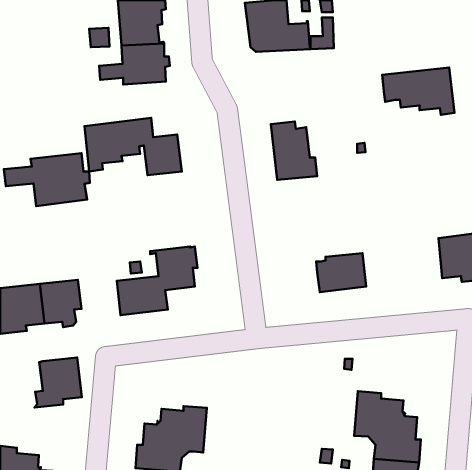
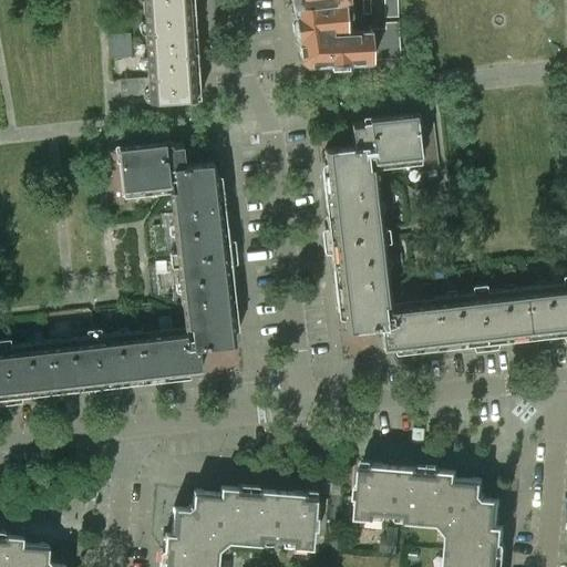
building: [382,67,455,115] -> [352,117,439,174]
building: [4,153,90,206] -> none
building: none -> [172,209,234,305]
building: none -> [327,215,389,334]
building: none -> [434,289,530,351]
building: [34,357,82,407] -> [90,333,146,393]
building: none -> [358,466,430,525]
building: none -> [245,492,318,550]

